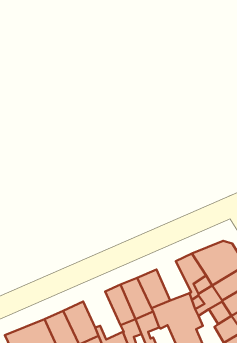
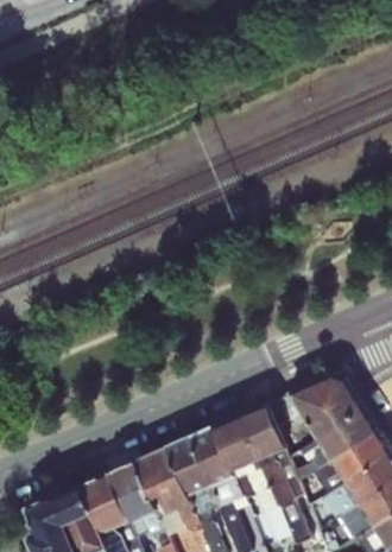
building: none -> [239,405,287,461]
building: none -> [135,448,192,515]

